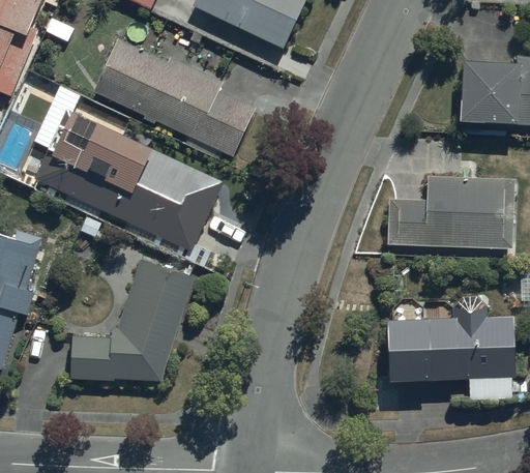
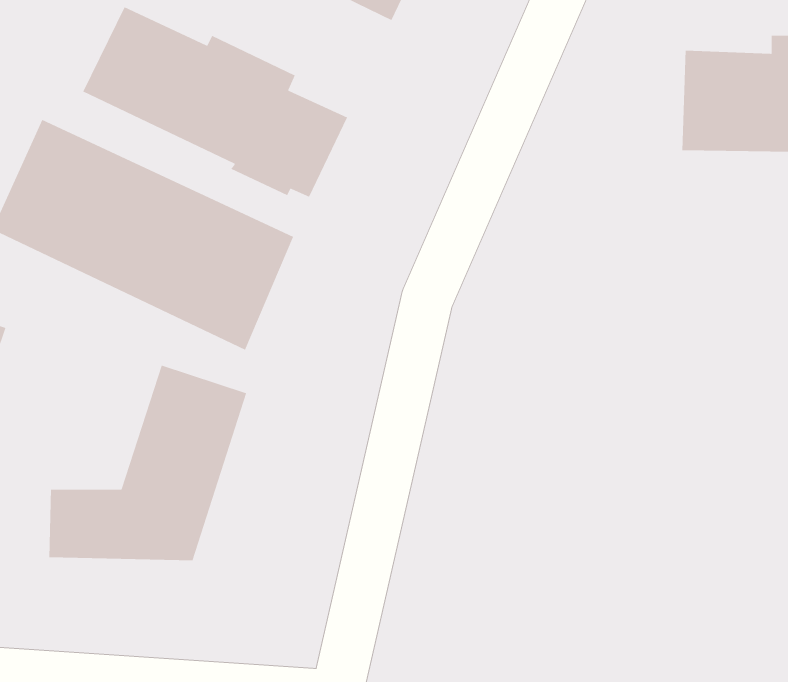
building: [387,176,512,247] -> none
building: [385,294,513,398] -> none

